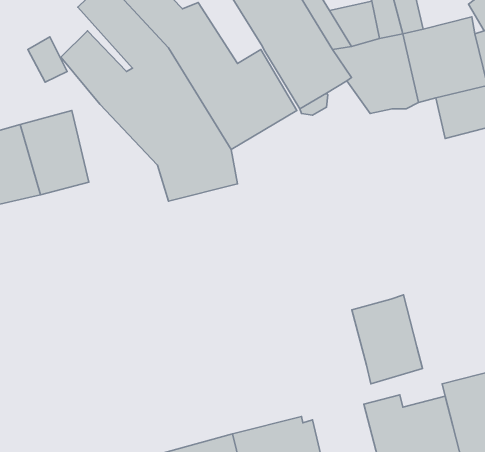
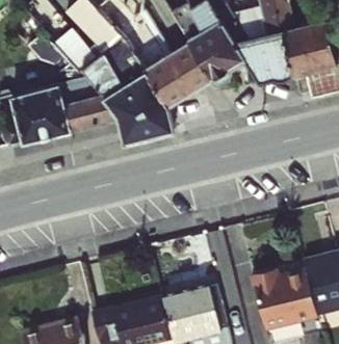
building: none -> [58,76,115,128]
building: [352,295,423,384] -> none

